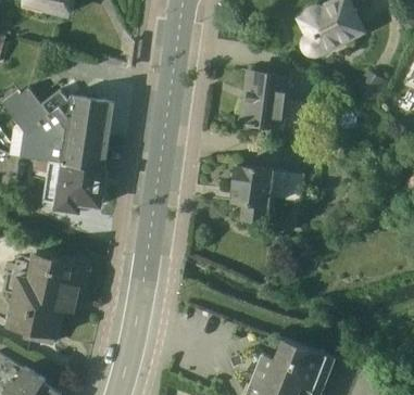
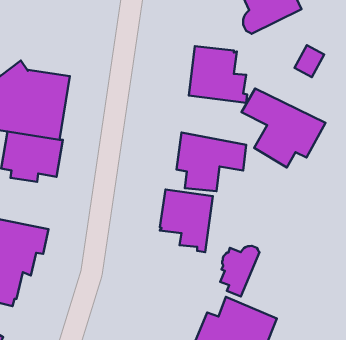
building: none -> [242,88,326,167]
building: none -> [160,190,213,252]
building: none -> [220,246,259,296]

